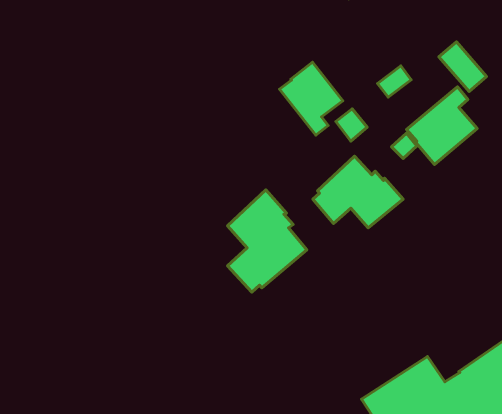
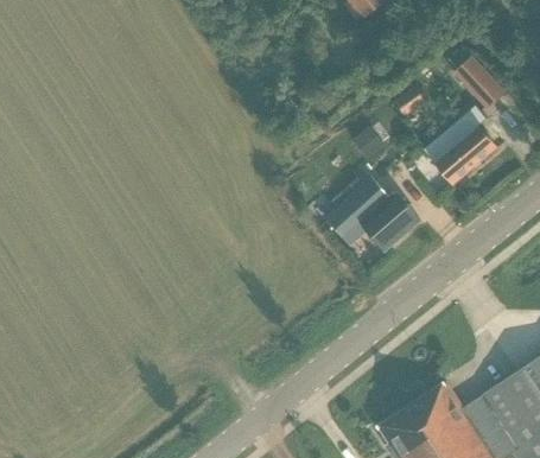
building: [280,62,343,135] -> none
building: [227,190,307,292] -> none

